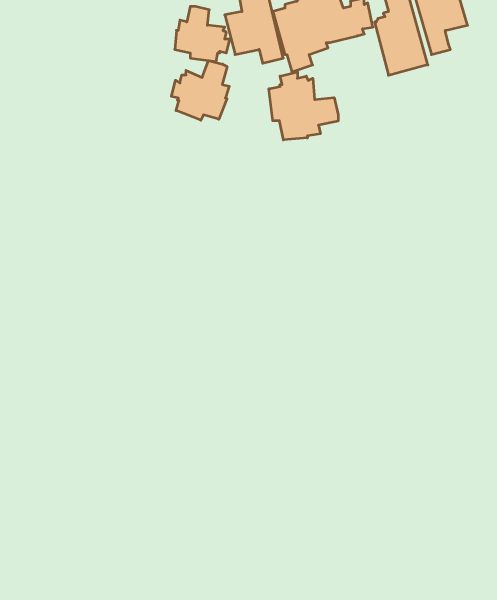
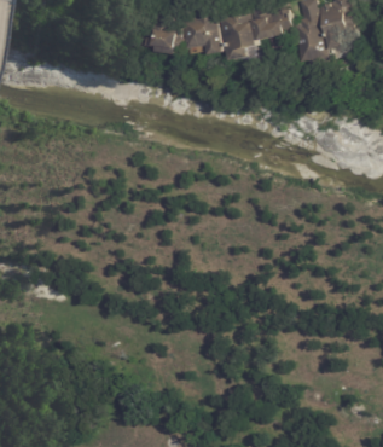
building: [171,61,229,120] -> none
building: [269,72,338,140] -> none

